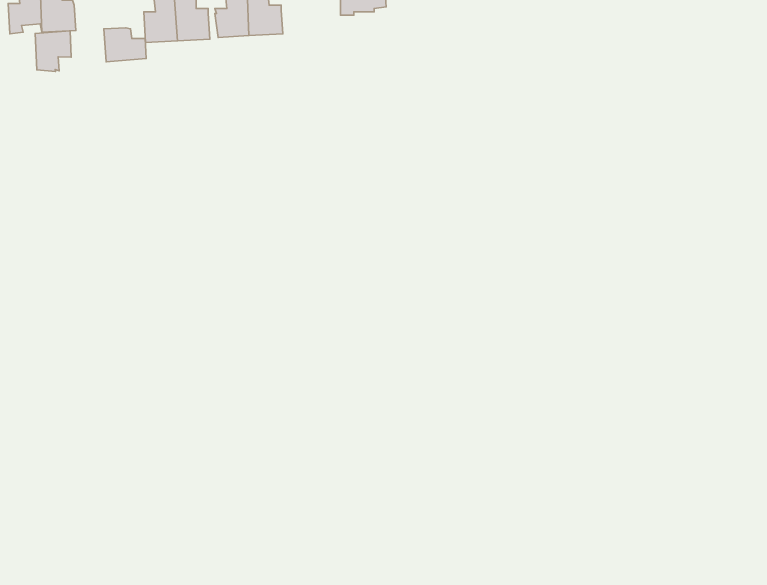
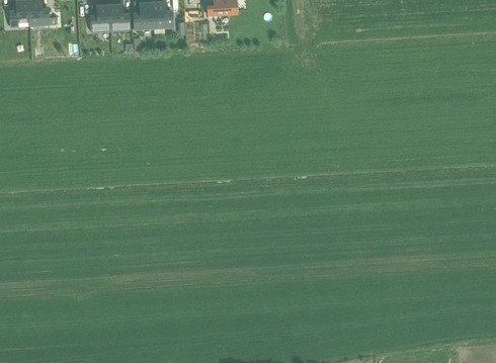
building: [104,28,146,62] -> none
building: [35,31,71,72] -> none

